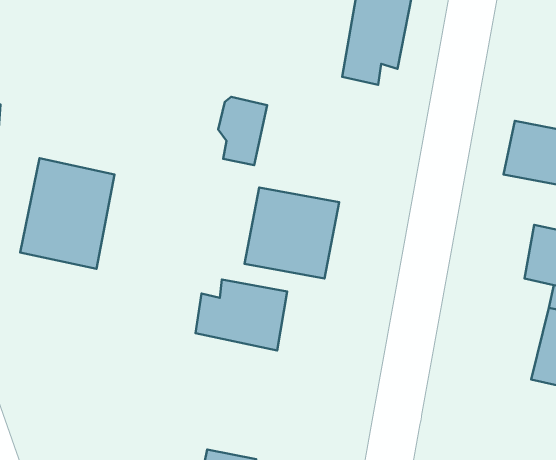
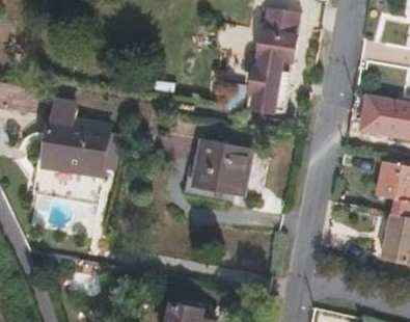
building: [218,97,267,165] -> [249,65,280,109]
building: [195,279,287,350] -> none

